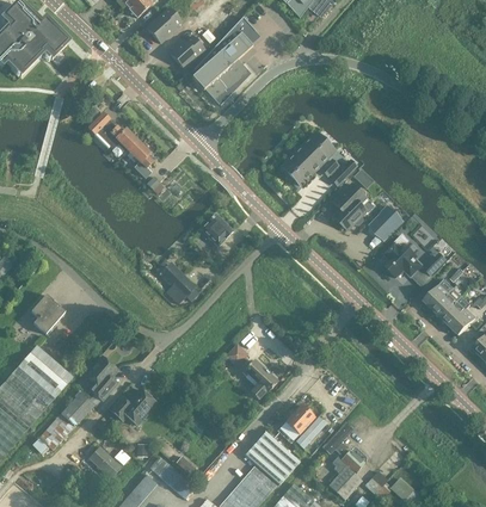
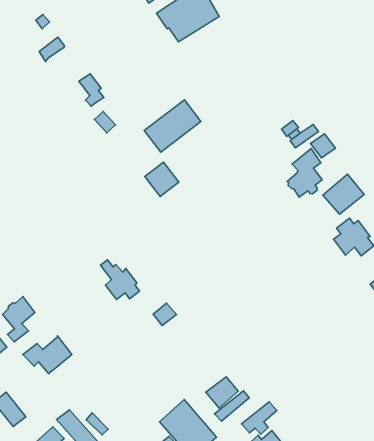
building: [98,119,139,149] -> none
building: [283,132,334,184] -> [144,100,201,152]
building: [160,267,199,303] -> [100,260,140,299]
building: [244,360,278,398] -> none

